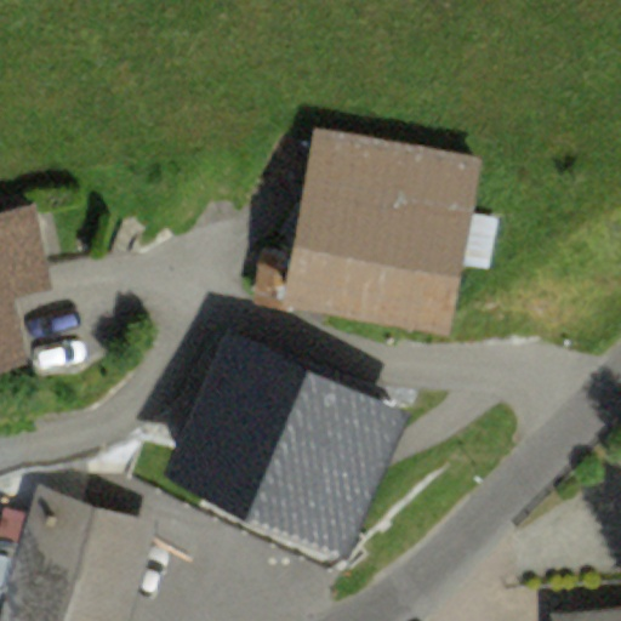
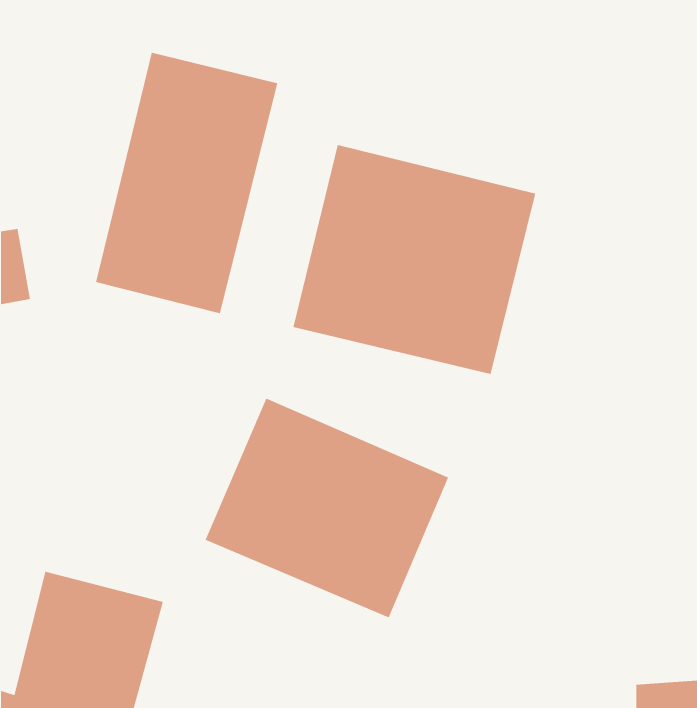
building: none -> [95,52,278,314]

